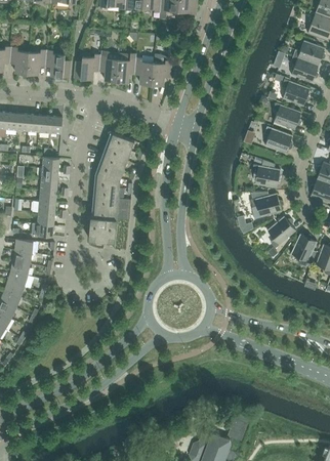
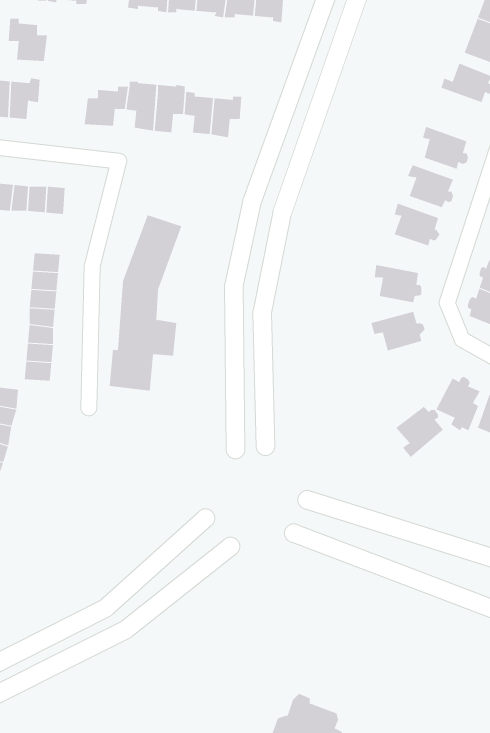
building: [45,50,70,77] -> [8,18,48,62]
building: [289,55,318,82] -> none
building: [265,216,295,248] -> [396,406,444,458]

